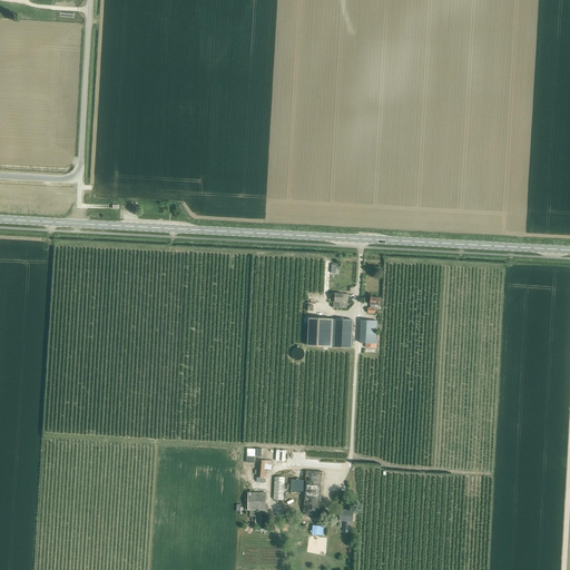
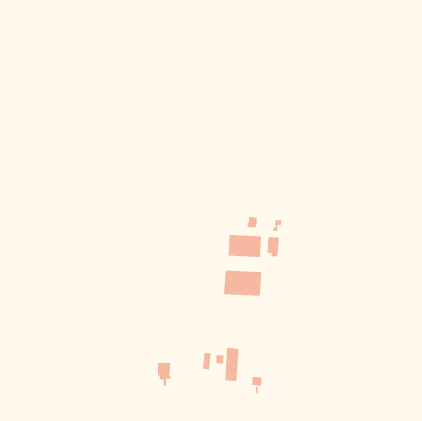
building: none -> [224,270,262,297]
building: [247,492,267,523] -> [157,363,172,386]

